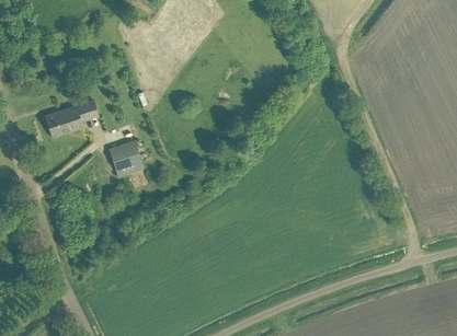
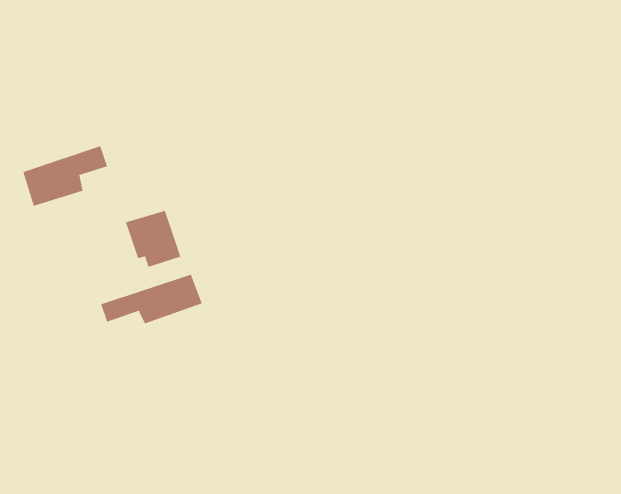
building: none -> [100,274,202,324]

